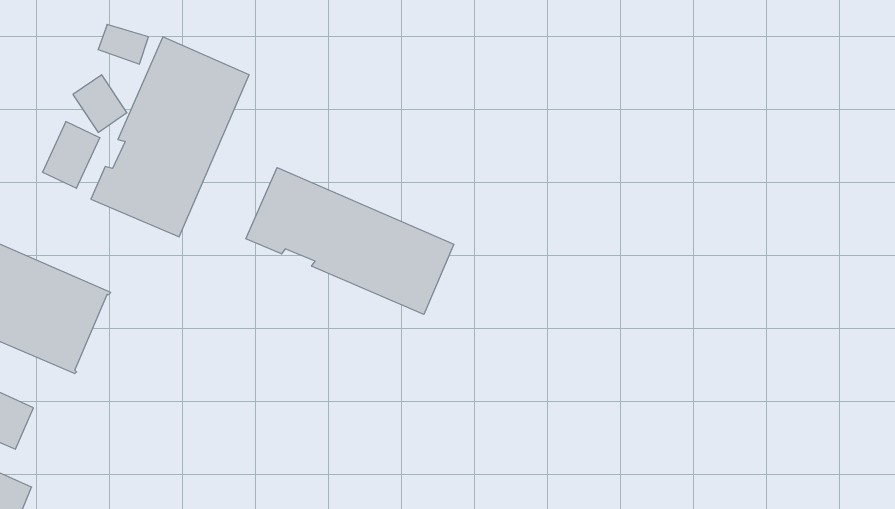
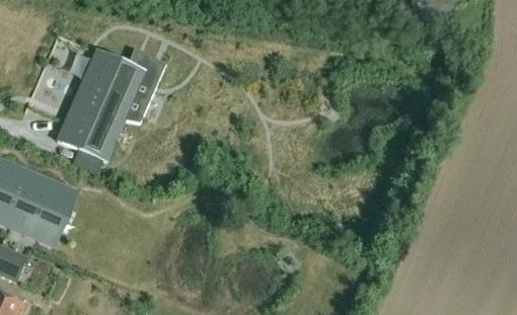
building: [246,168,454,314] -> none

